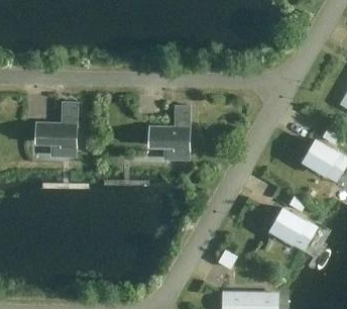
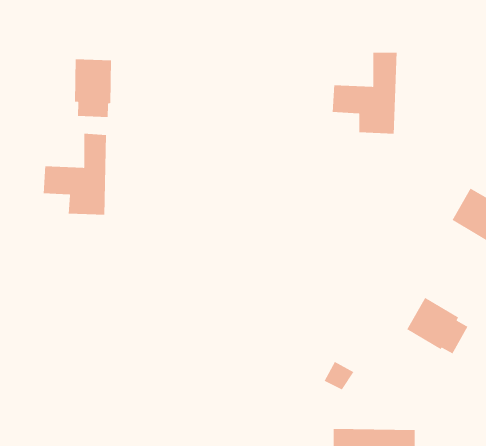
building: none -> [74,59,112,118]
building: [148,106,191,160] -> [332,52,397,134]

